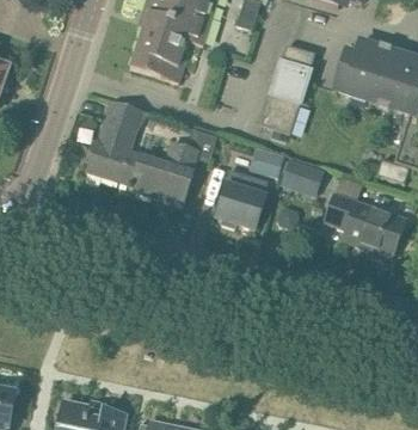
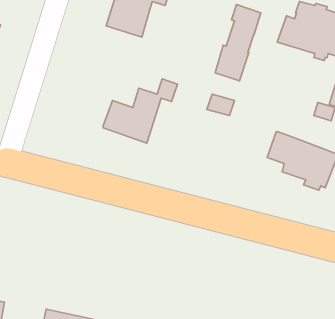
building: [86,100,148,188] -> none
building: [279,158,322,185] -> none
building: [217,168,268,228] -> none

